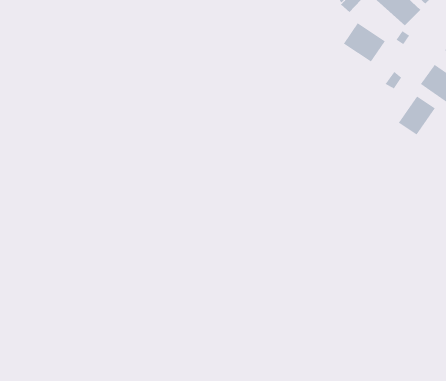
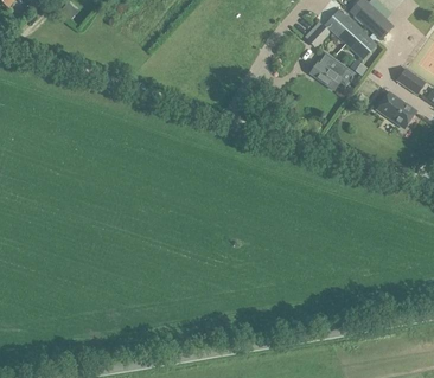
building: [398,96,436,135] -> none

